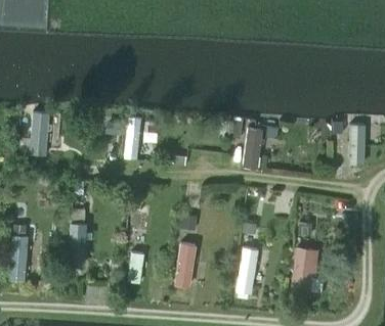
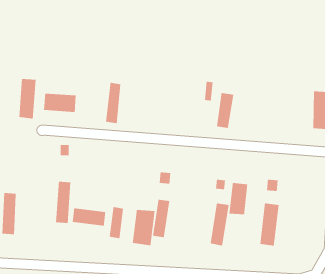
building: none -> [44,93,76,113]
building: none -> [229,182,248,215]
building: none -> [72,207,106,226]
building: none -> [132,209,155,246]

